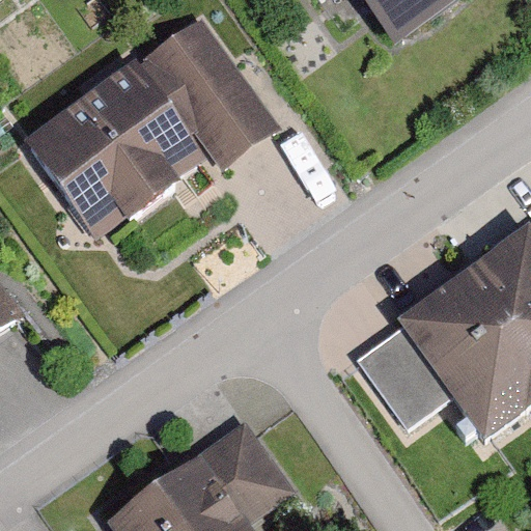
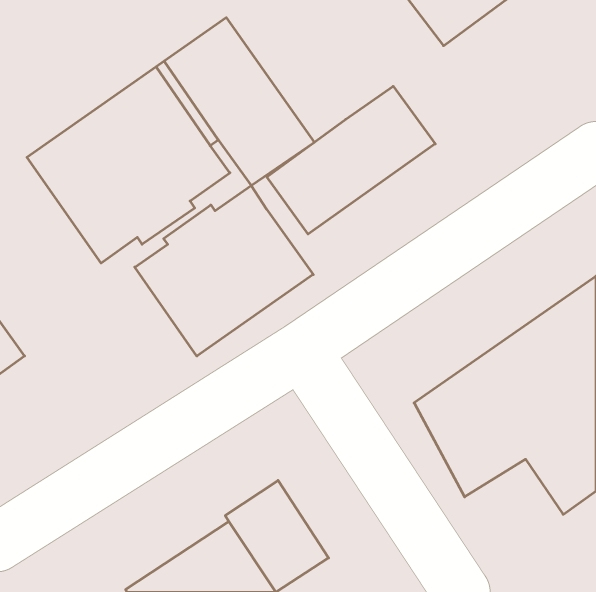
building: none -> [267,86,435,234]
building: none -> [135,186,313,356]

